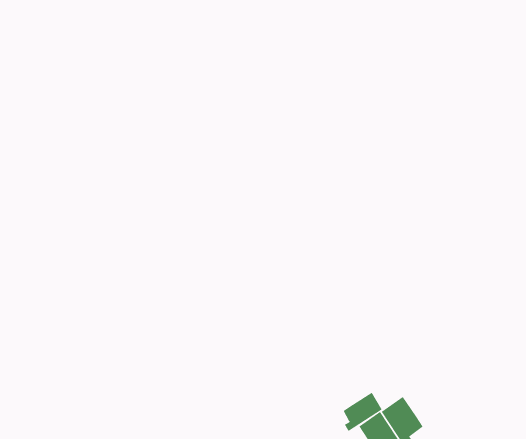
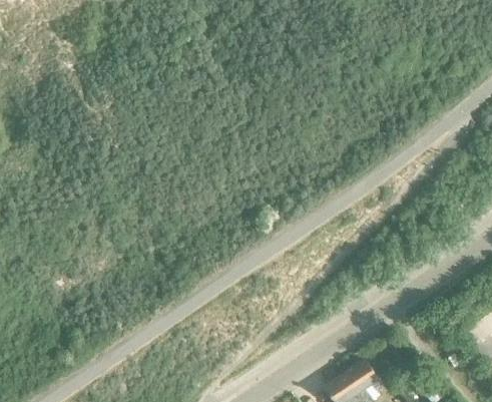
building: [343,392,382,432] -> none

